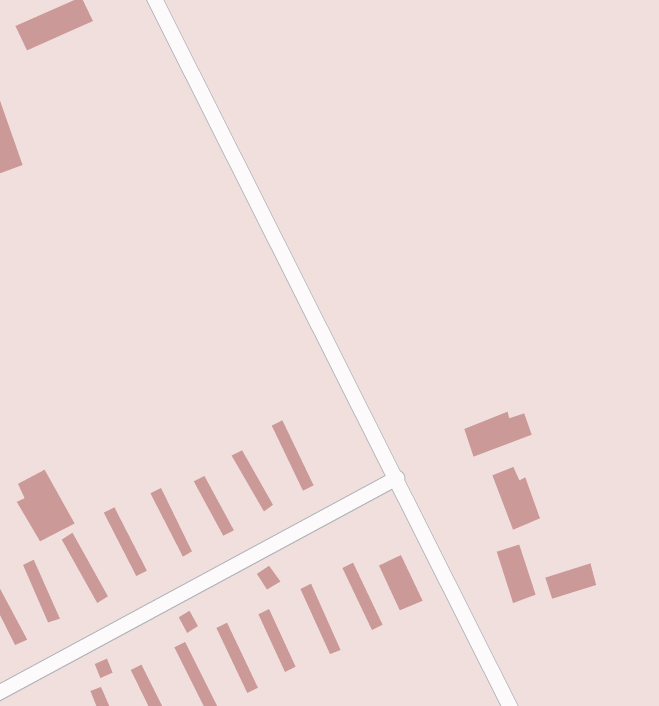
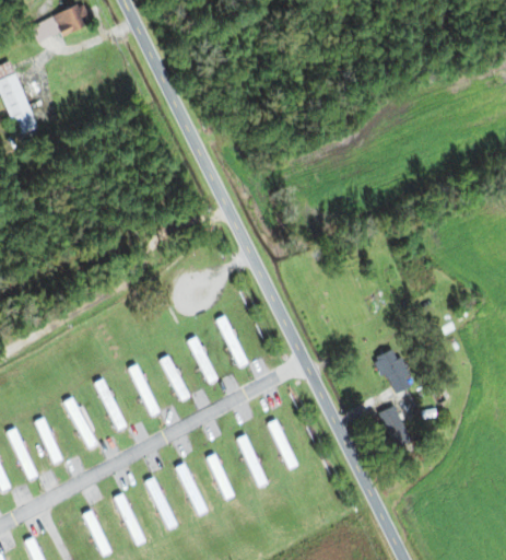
building: [463,411,533,458] -> none
building: [16,469,75,542] -> none
building: [378,554,424,611] -> none
building: [545,562,597,599] -> none

